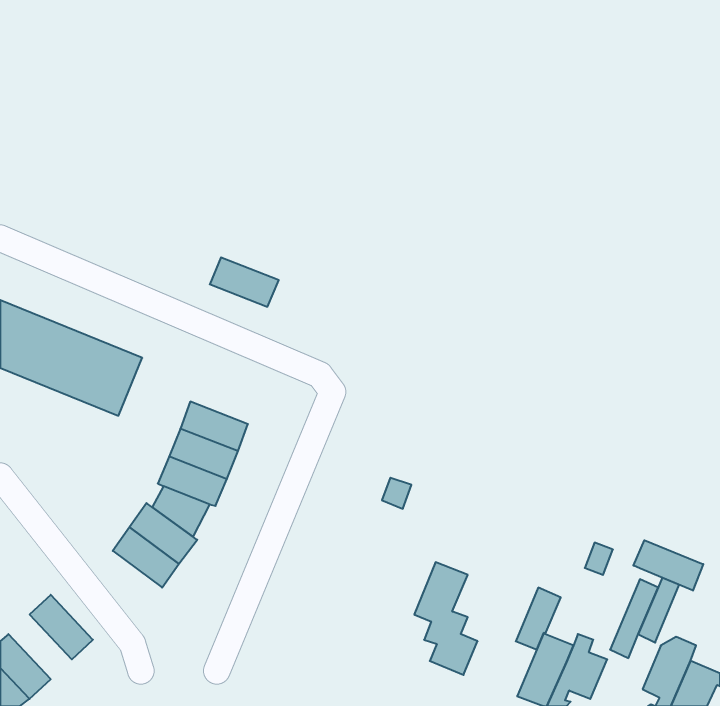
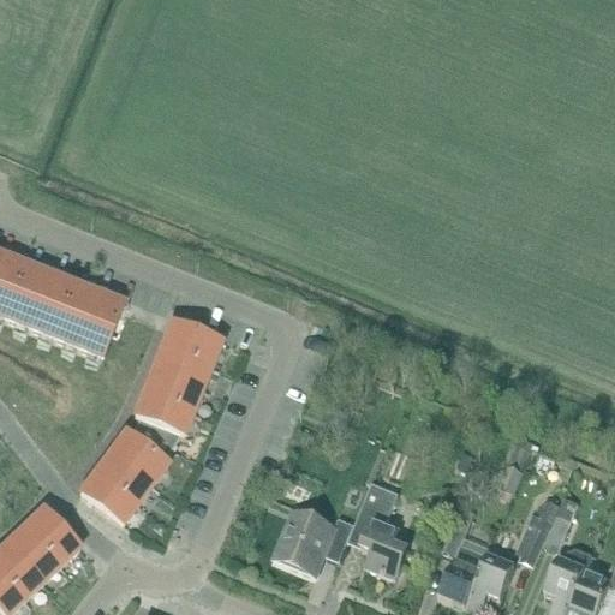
building: [210,257,279,307] -> [162,320,221,362]
building: [633,540,703,591] -> none
building: none -> [80,470,138,521]
building: none -> [275,512,353,569]
building: none -> [7,524,61,579]

